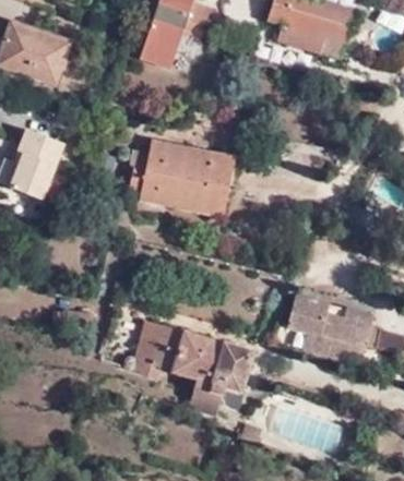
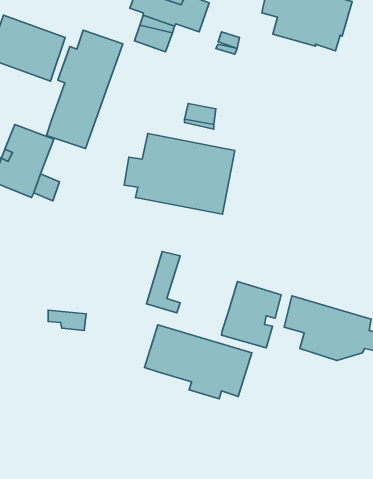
building: none -> [46,30,123,148]
building: none -> [221,282,281,348]
building: [131,320,164,380] -> [147,251,180,313]

